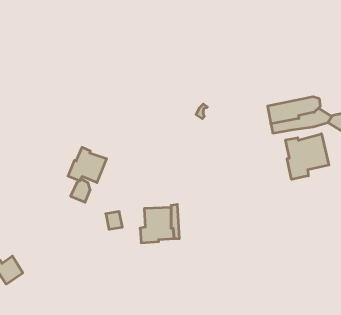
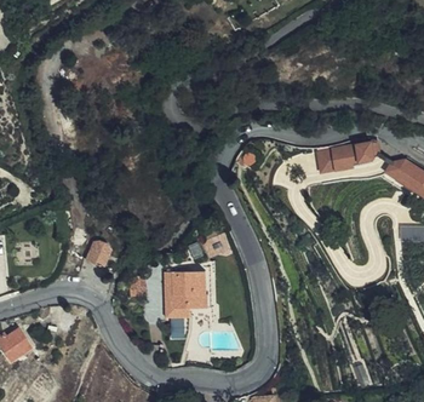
building: [286,134,329,179] -> none
building: [68,147,107,183] -> none

